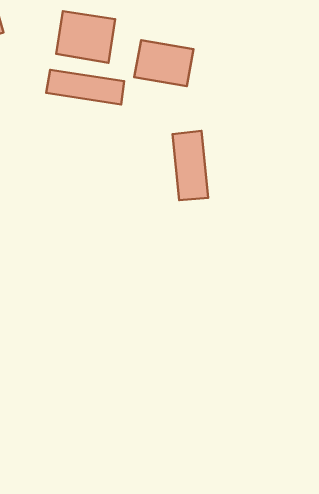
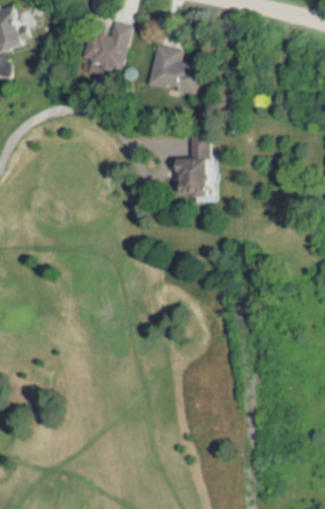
building: [46,70,124,105] -> none

